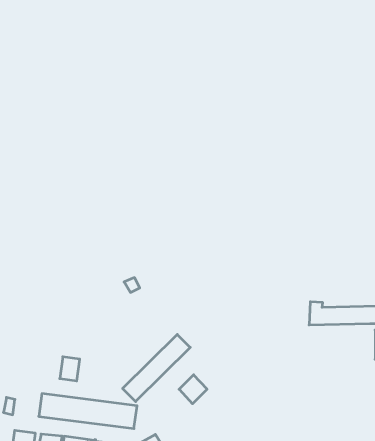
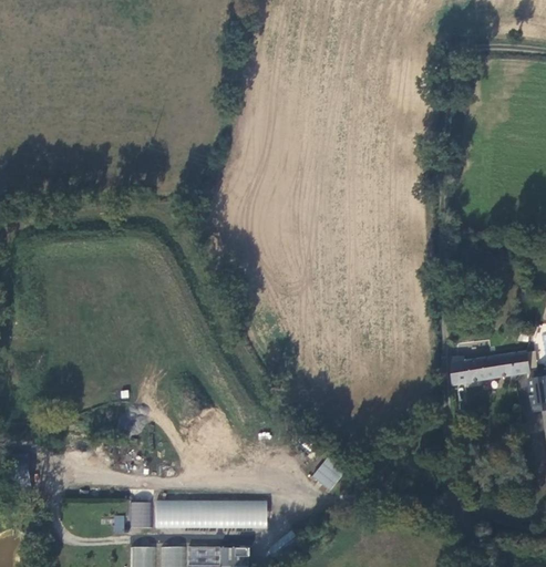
building: [123,334,190,402] -> none
building: [60,357,80,381] -> [133,499,153,525]

